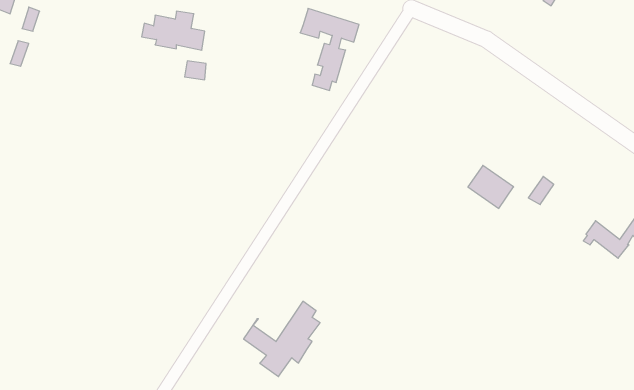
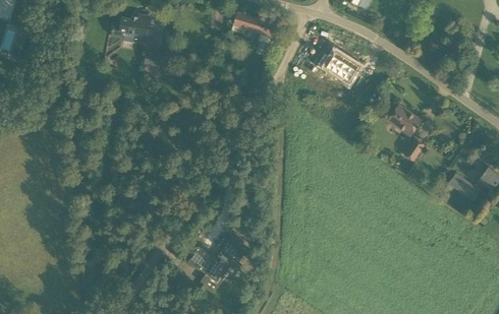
building: none -> [316,50,358,80]
building: [468,165,514,208] -> [387,104,422,136]

